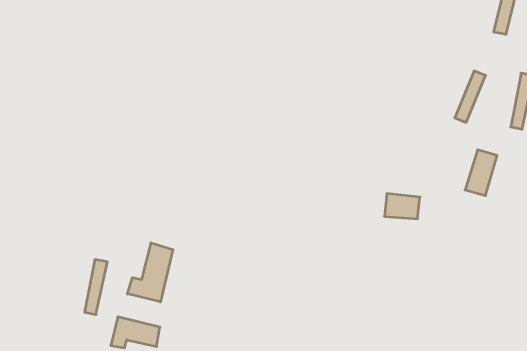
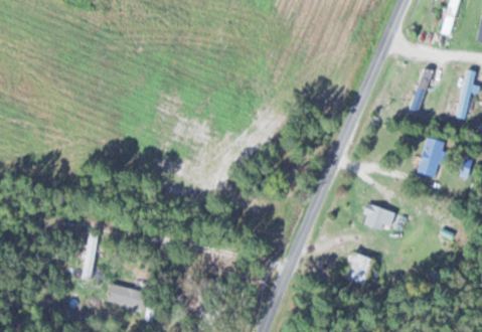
building: [384,194,420,219] -> [363,205,394,227]
building: [127,243,173,302] -> none
building: none -> [344,252,374,284]

